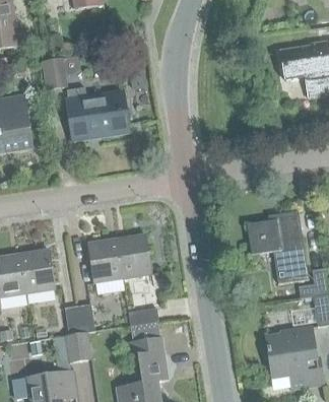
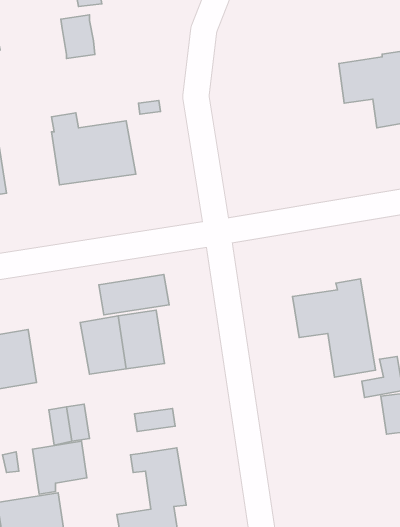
building: [42,57,67,89] -> [61,15,95,59]
building: none -> [99,275,169,315]
building: [265,327,322,388] -> none

